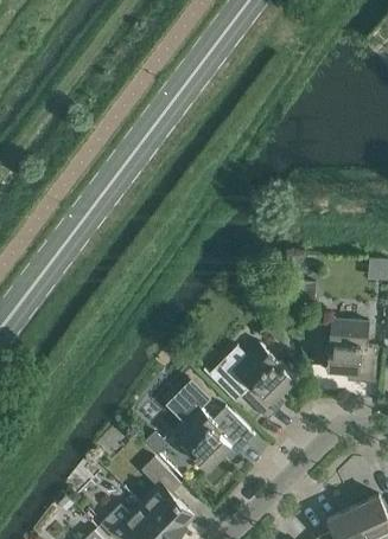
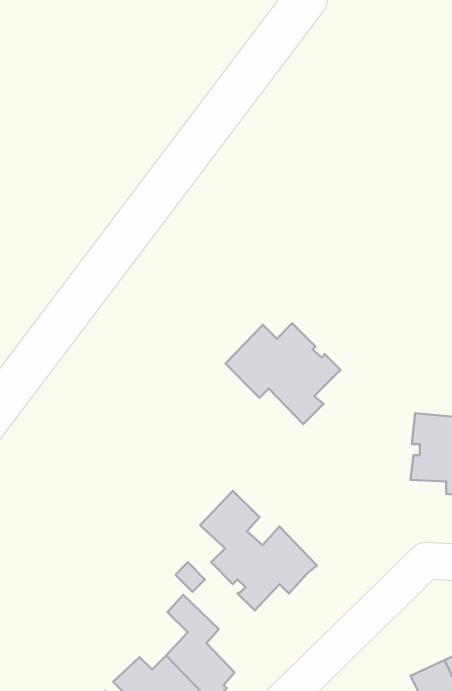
building: [208,342,295,419] -> [225,323,341,424]

